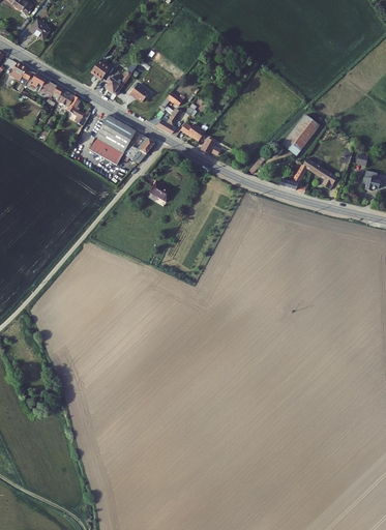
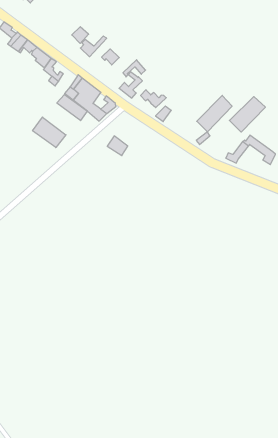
building: none -> [197,95,232,132]
building: none -> [33,117,66,148]

